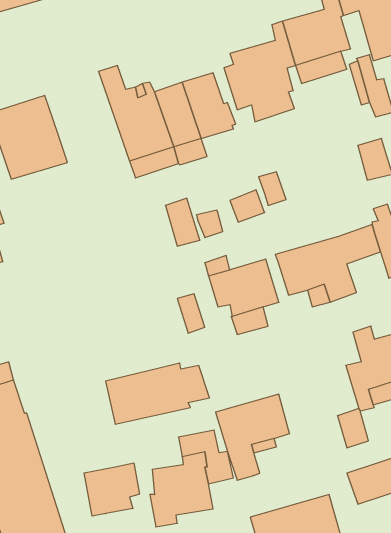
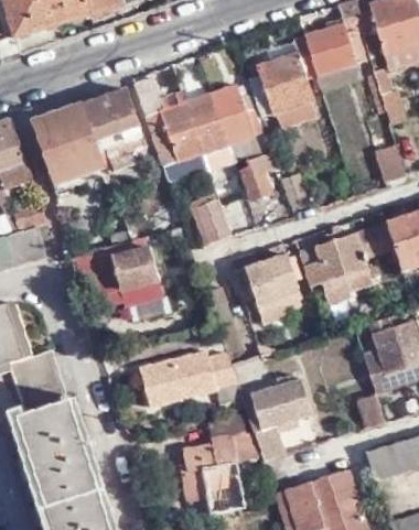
building: none -> [85,89,140,139]
building: none -> [241,151,275,197]
building: none -> [74,247,164,307]
building: [84,463,140,516] -> none

